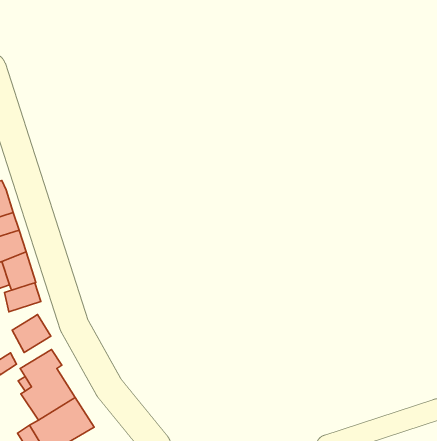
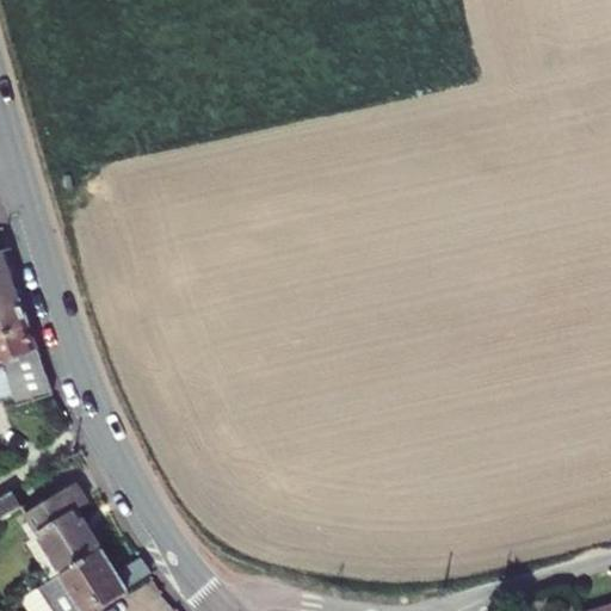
building: [4,283,41,312] -> none
building: [12,315,51,353] -> none

